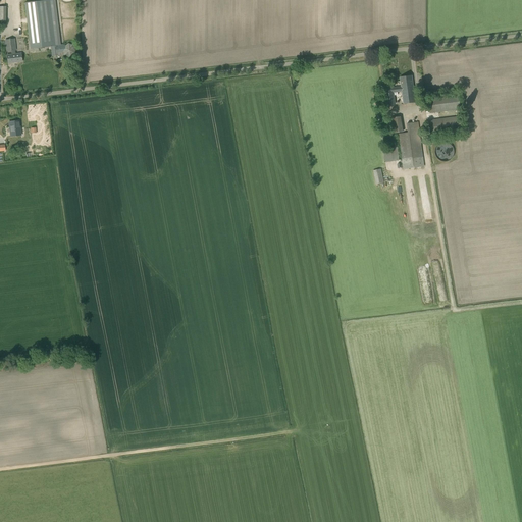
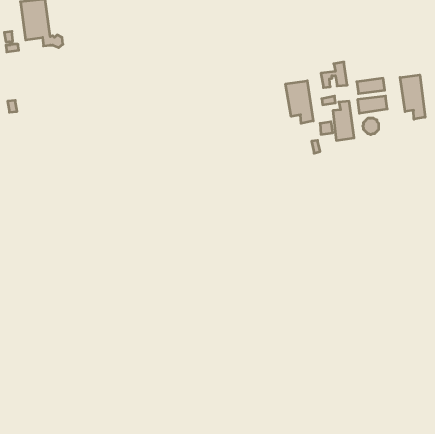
building: none -> [400,75,425,119]
building: none -> [286,81,313,123]

